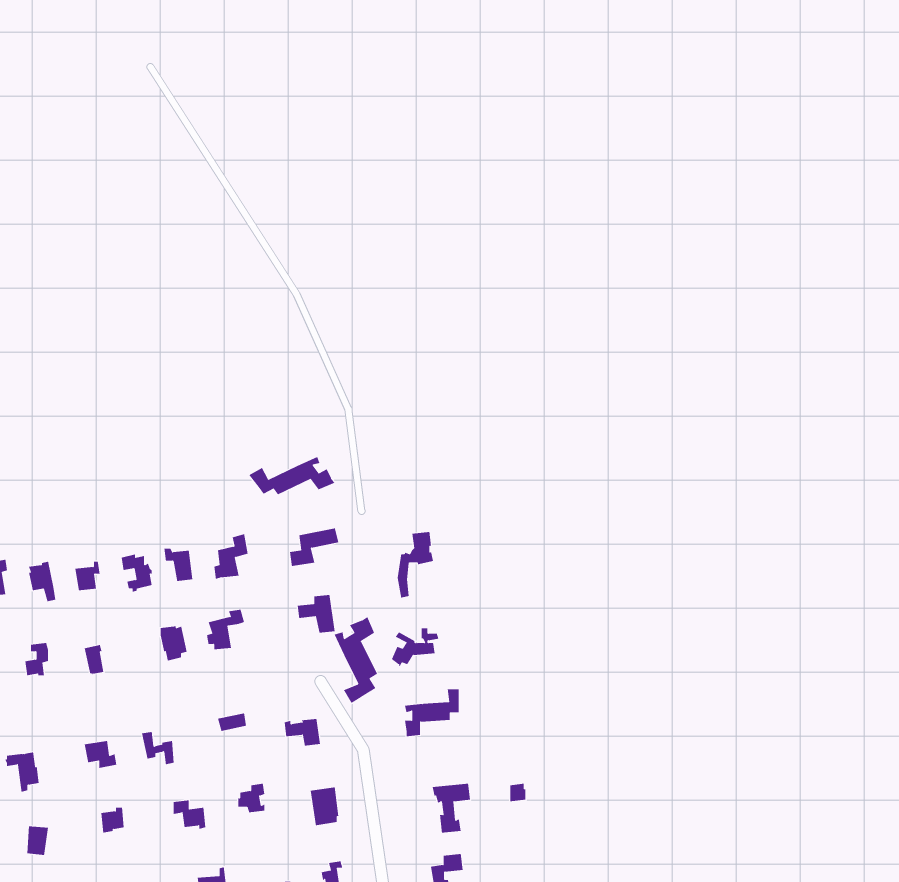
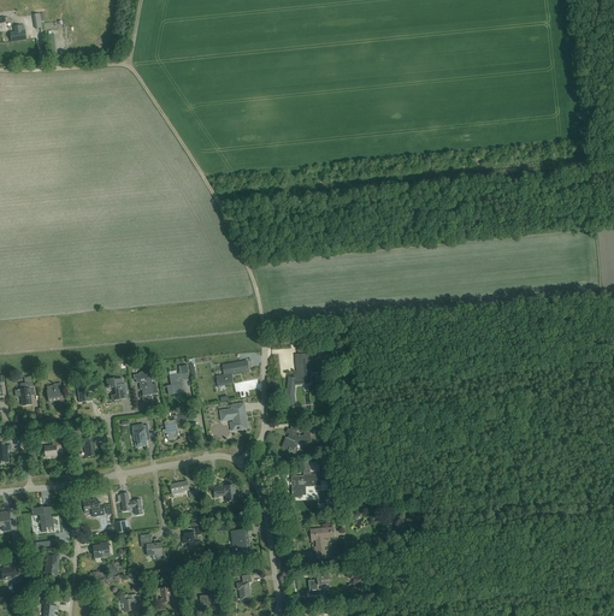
building: [249,456,335,495] -> none
building: [334,616,378,704] -> none

